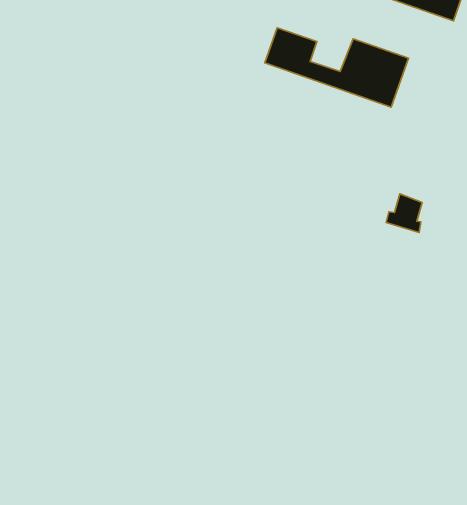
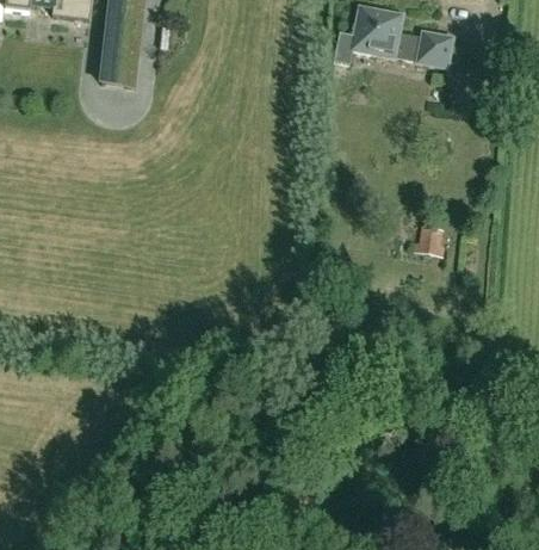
building: [265,28,408,107] -> none

